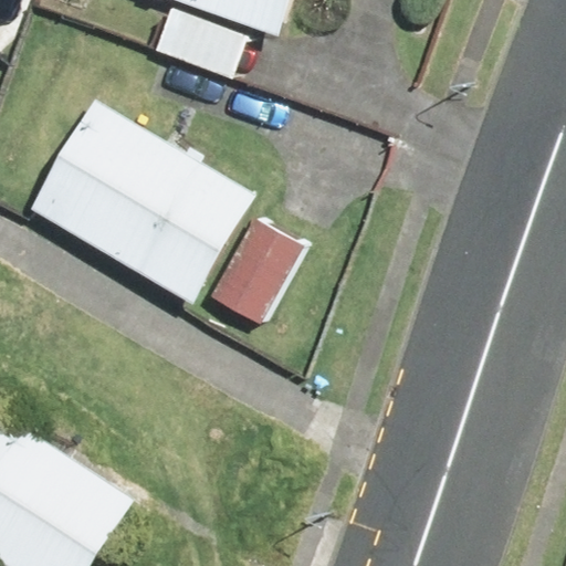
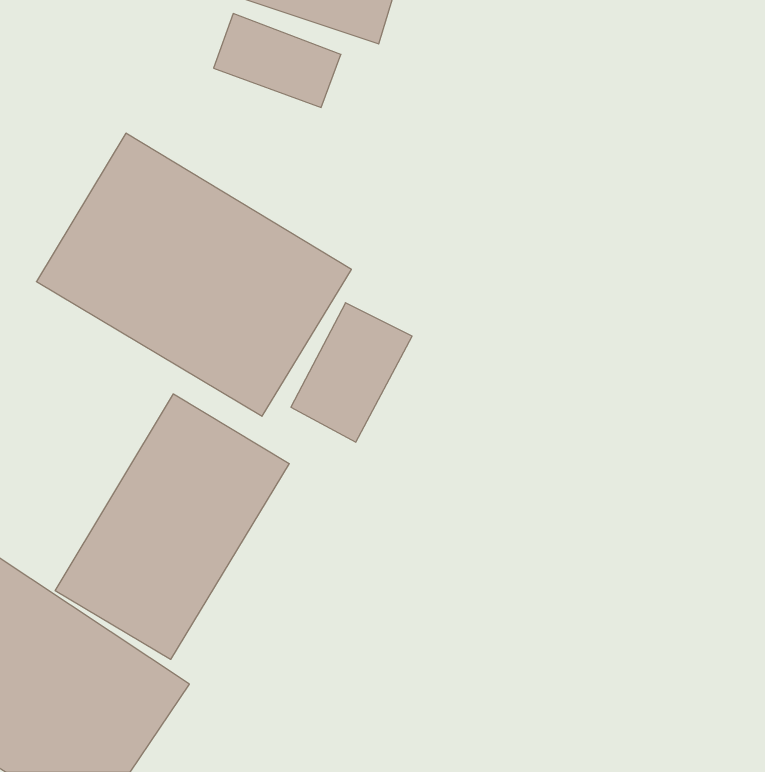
building: none -> [55,394,289,659]

